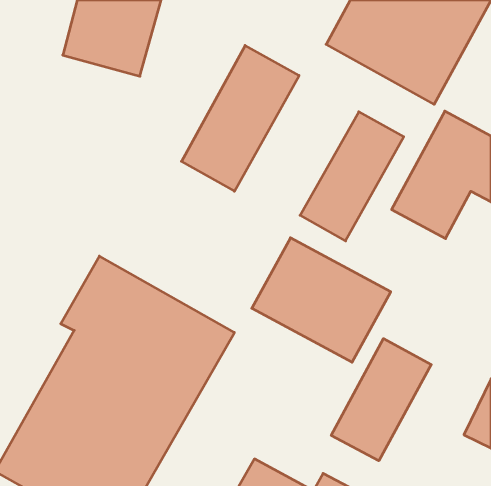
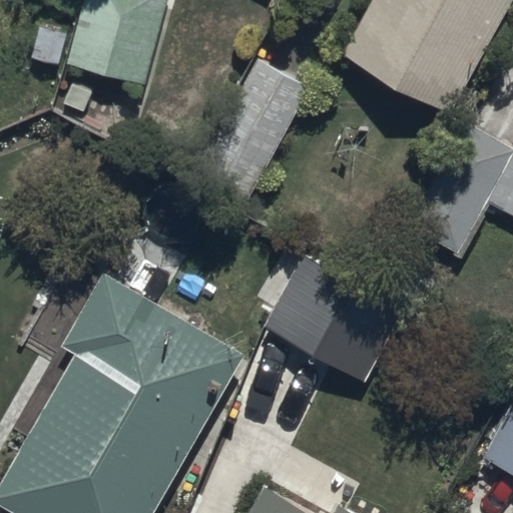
building: [300,112,404,241] -> none
building: [331,339,431,461] -> none

